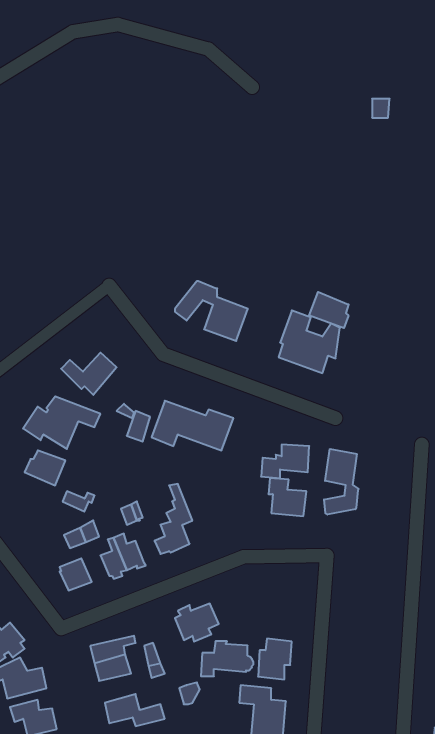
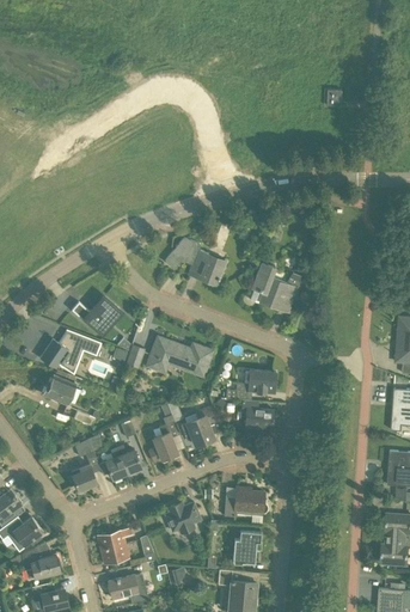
building: [309,292,349,328] -> none
building: [324,449,359,515] -> none
building: none -> [180,404,219,446]
building: [201,641,253,676] -> [225,489,268,518]

